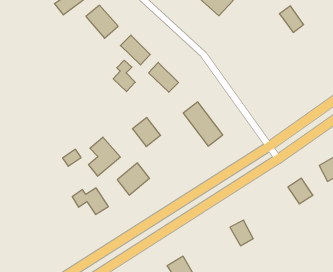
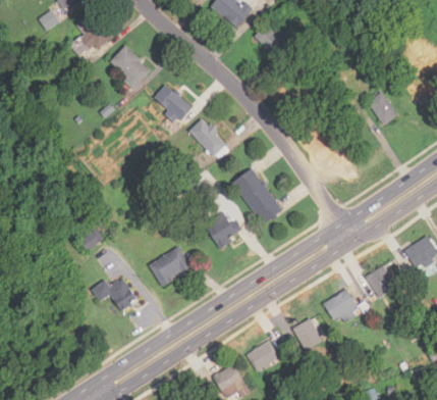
building: [279,6,304,32] -> [368,92,398,126]
building: [113,60,135,92] -> none
building: [132,118,161,147] -> [205,211,240,248]
building: [89,137,120,176] -> none
building: none -> [324,290,359,322]
building: none -> [248,341,279,371]

